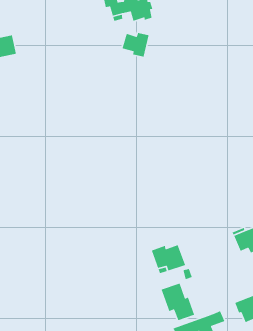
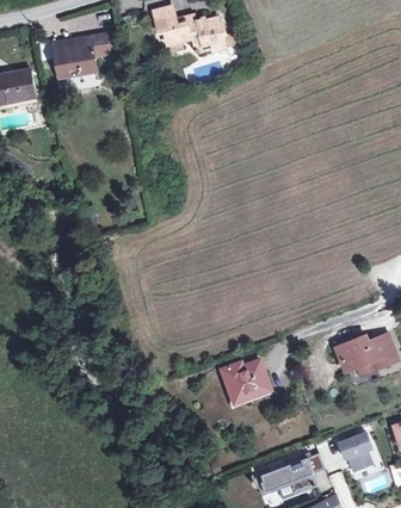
building: none -> [53,35,109,73]
building: [122,32,150,57] -> none
building: [160,282,195,321] -> none

